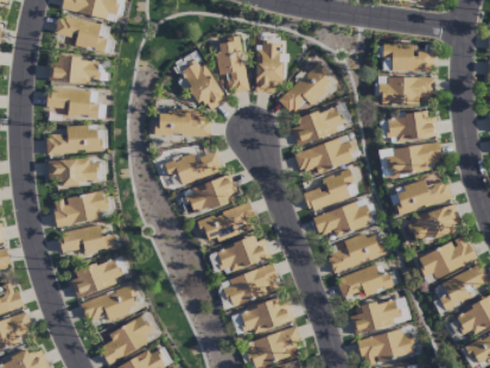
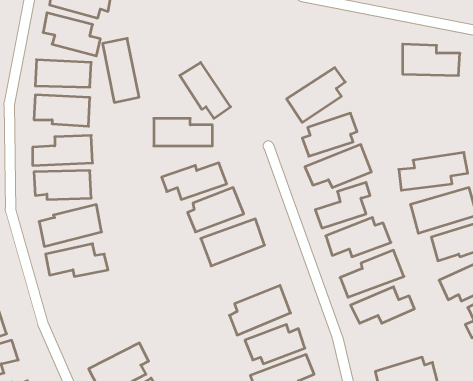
building: [216,37,249,95] -> [103,38,139,102]
building: [255,42,281,91] -> none
building: [380,76,435,103] -> none
building: [387,113,437,141] -> none
building: [216,234,272,272] -> none
building: [71,258,122,296] -> none
building: [81,285,139,318] -> none
building: [351,297,400,334] -> none

